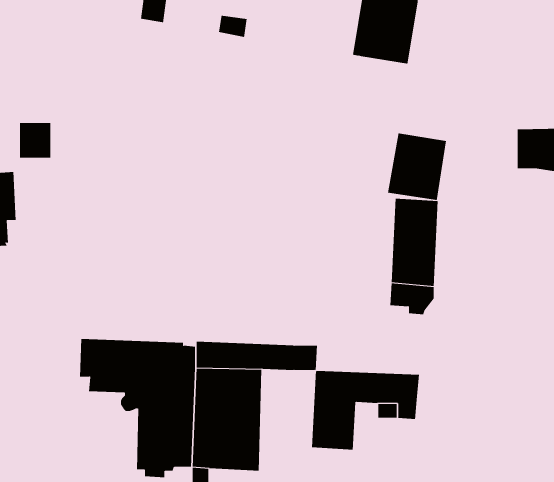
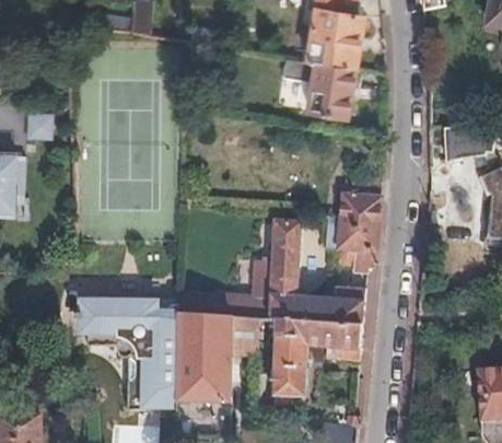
building: [387,133,447,201] -> [303,60,352,116]
building: none -> [258,225,364,323]

